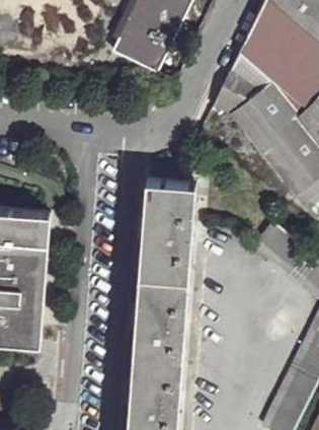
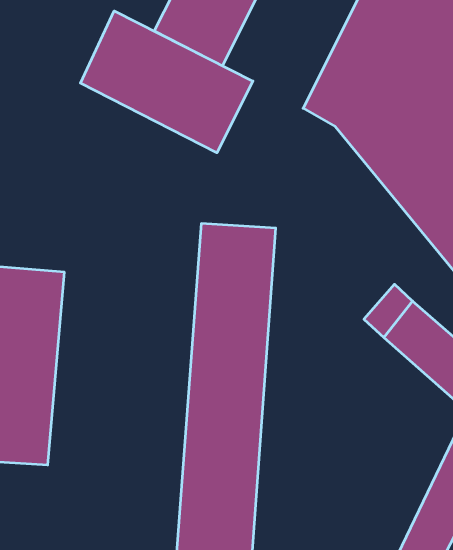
building: none -> [80,11,253,153]

